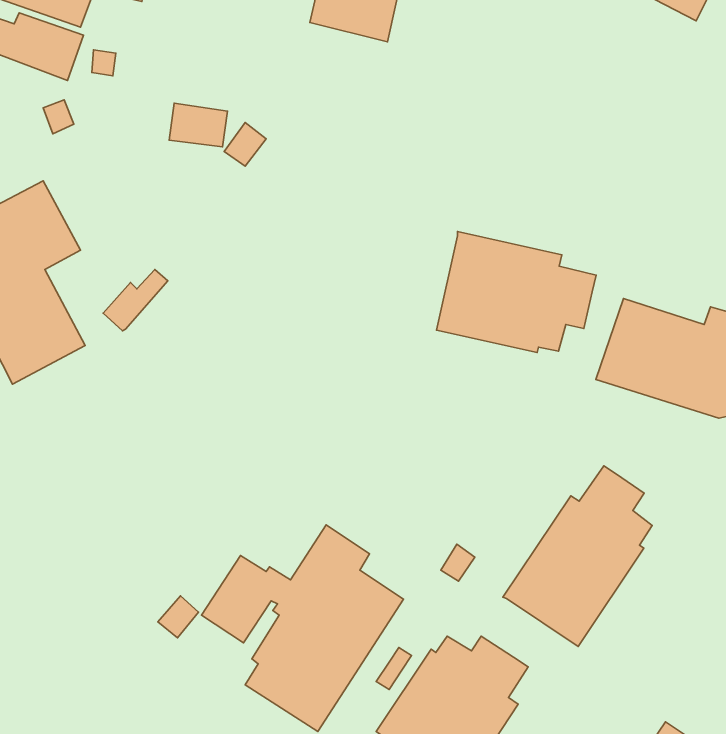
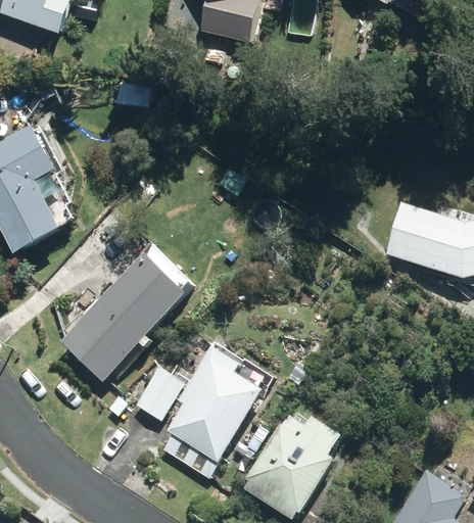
building: [437,231,596,353] -> none
building: none -> [61,244,190,380]
building: [503,466,652,646] -> none

